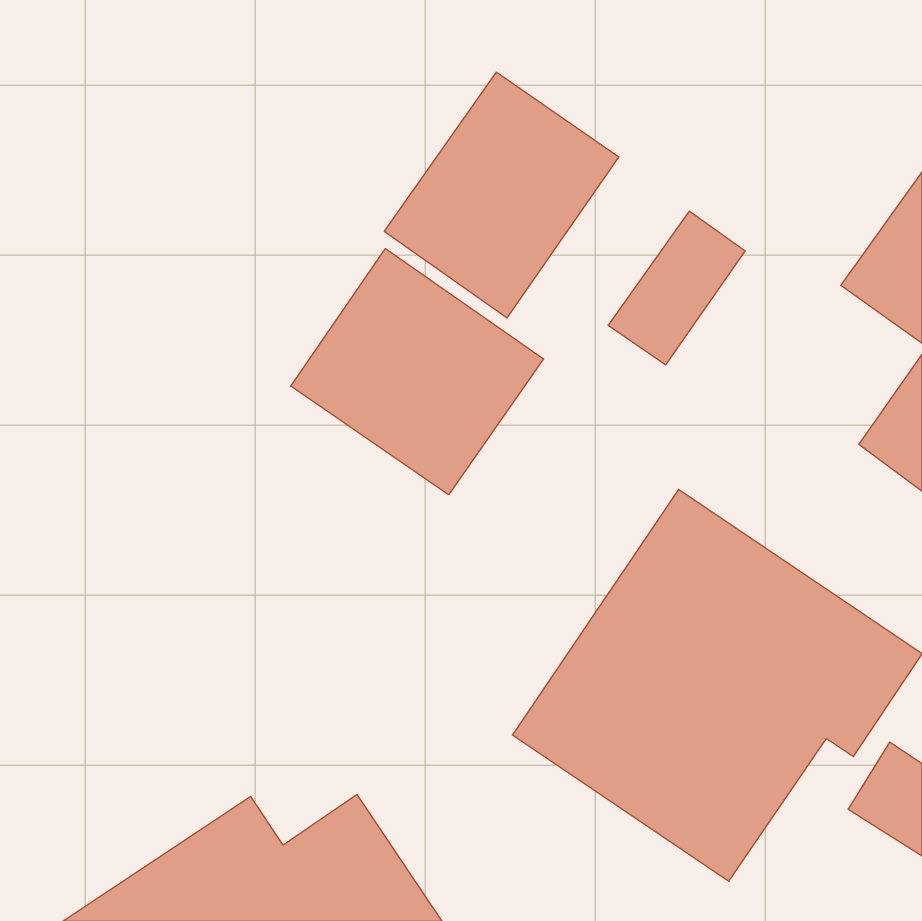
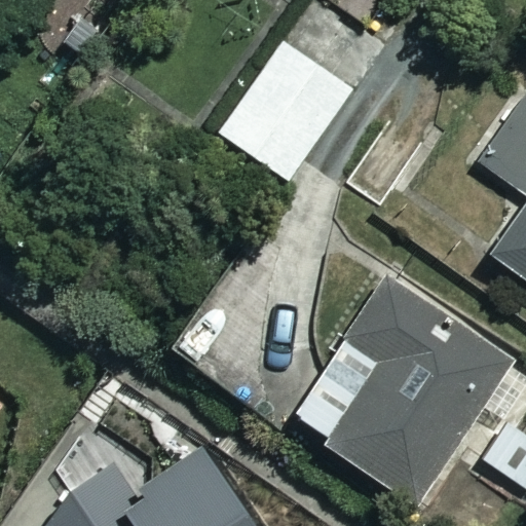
building: [291,249,544,495] -> none

